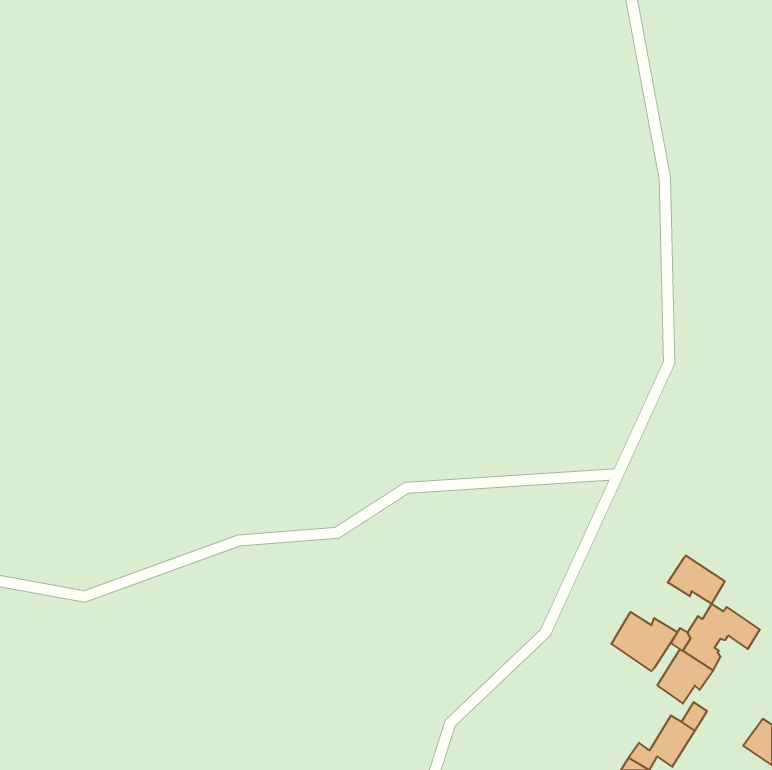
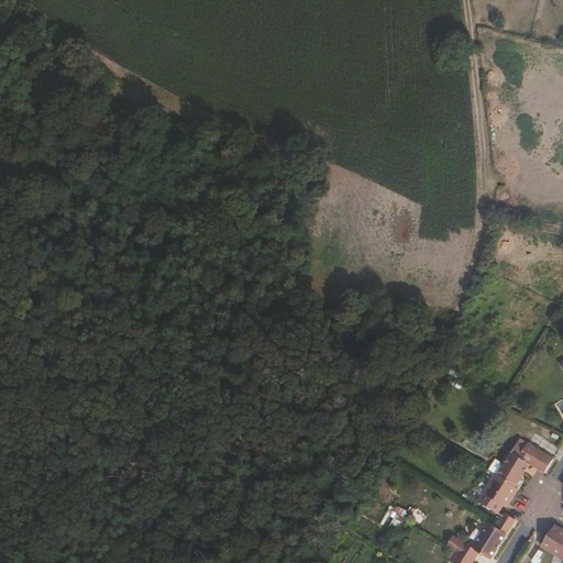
building: [668,555,725,604] -> none
building: [611,612,677,671] -> none

